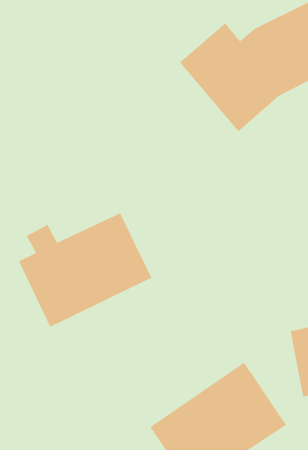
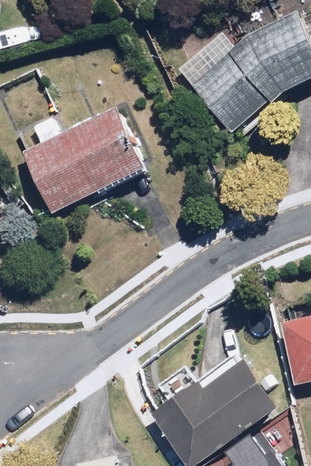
building: [18,213,152,327] -> [22,105,149,214]

